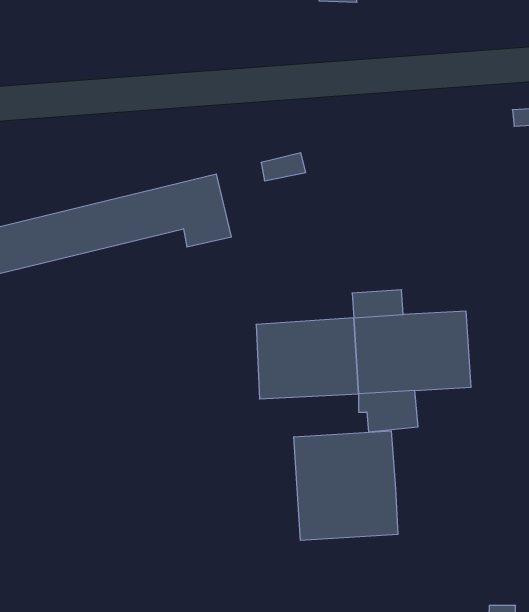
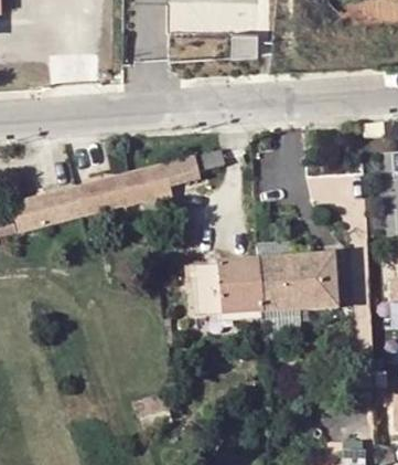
building: [294,431,398,540] -> none

